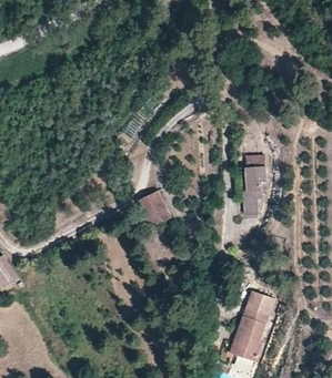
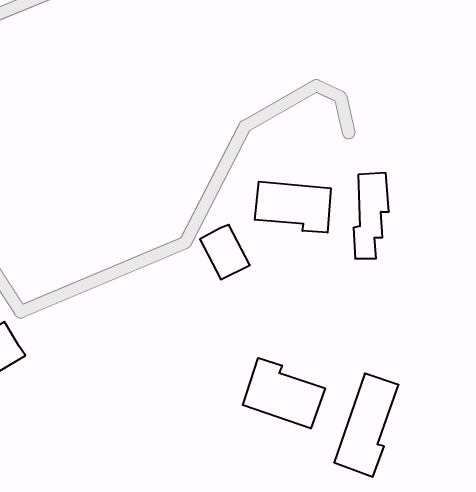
building: none -> [255,182,331,233]
building: none -> [243,358,325,429]

